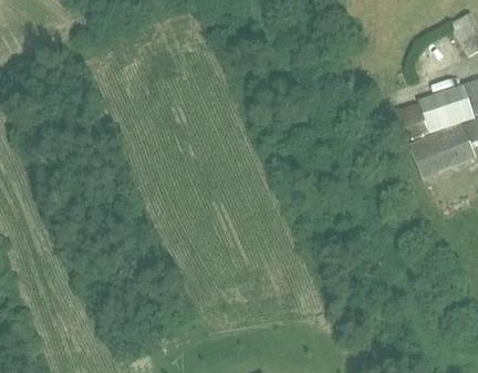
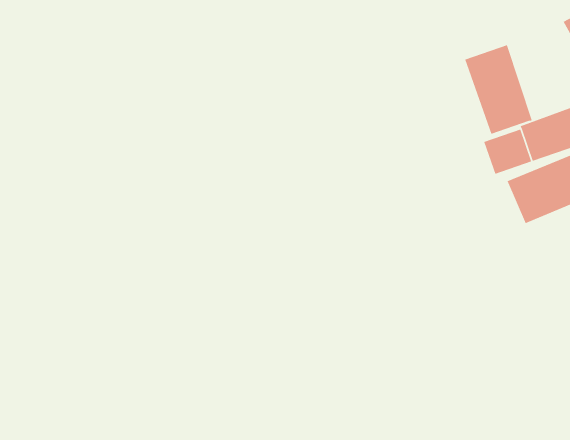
building: none -> [464,44,533,135]

